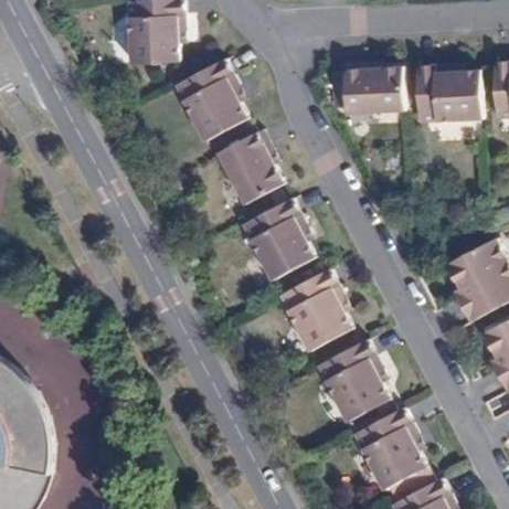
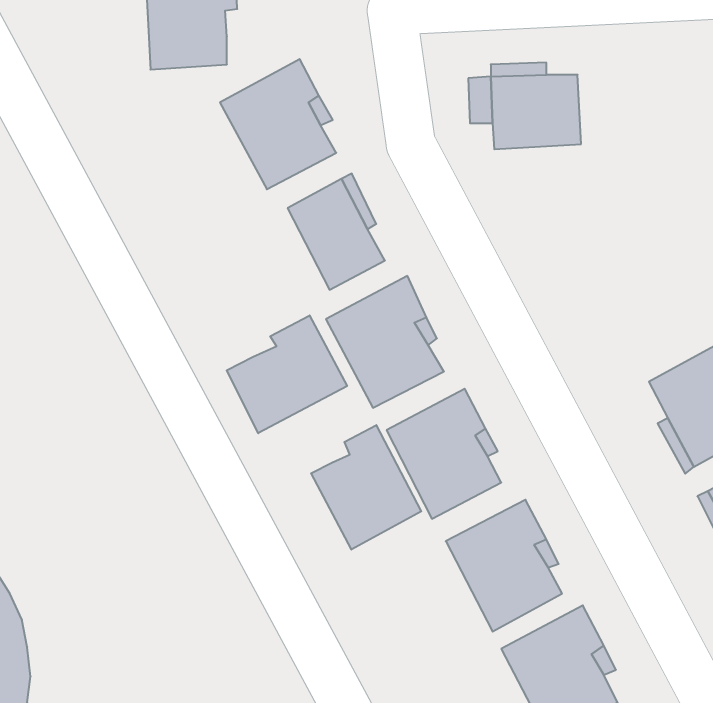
building: [417,66,481,124] -> none
building: none -> [227,315,347,433]
building: none -> [311,425,421,550]

